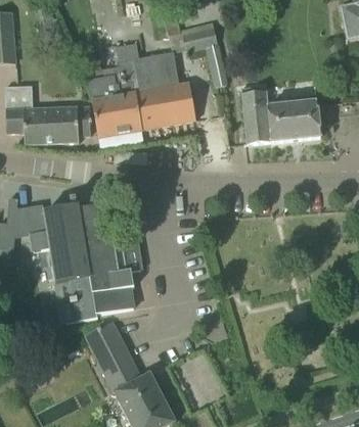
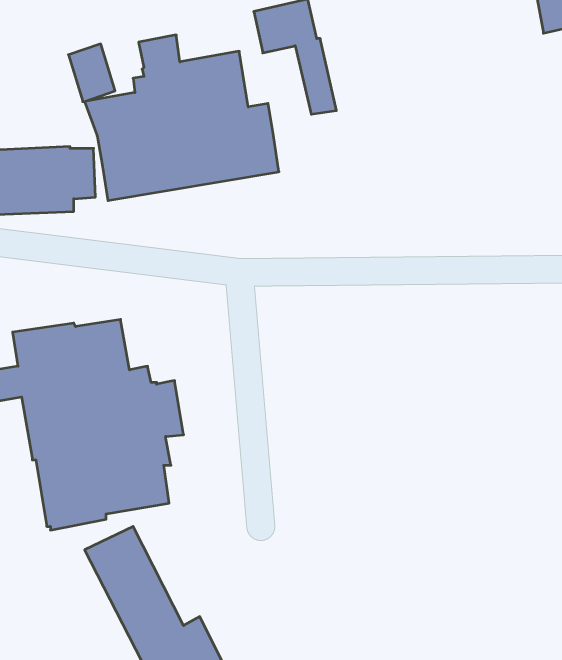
building: [240,86,320,143] -> none

